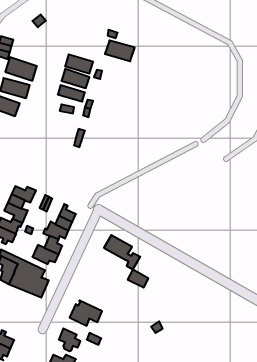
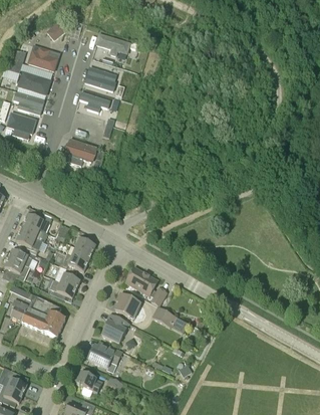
building: none -> [28,45,58,71]
building: [105,40,135,61] -> [92,33,125,56]
building: none -> [64,139,94,162]
building: none -> [115,292,140,319]
building: none -> [102,313,129,343]

